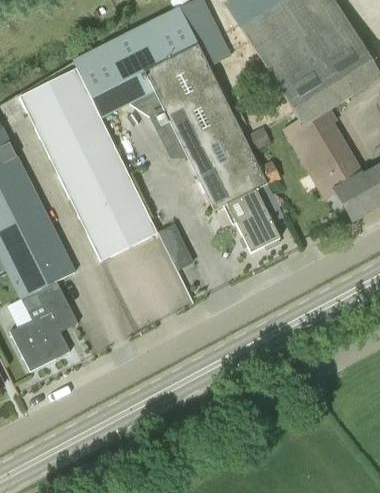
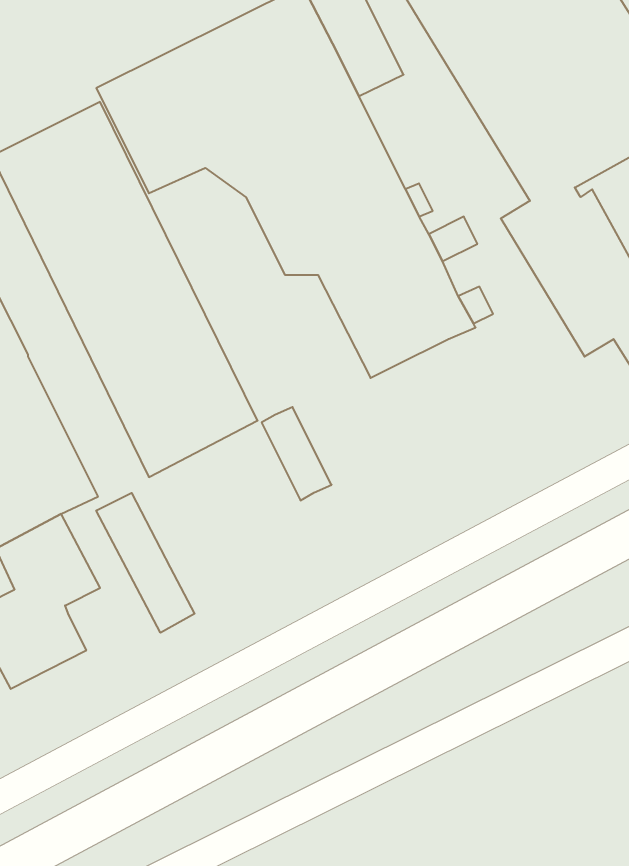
building: [227,184,285,252] -> none
building: none -> [96,493,195,633]

